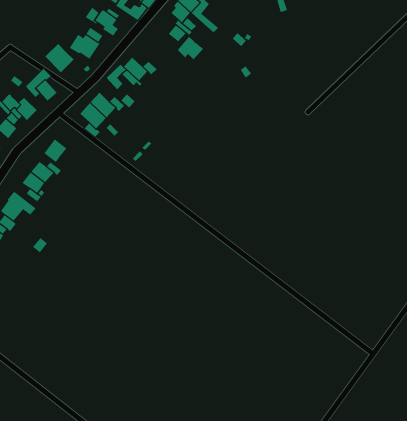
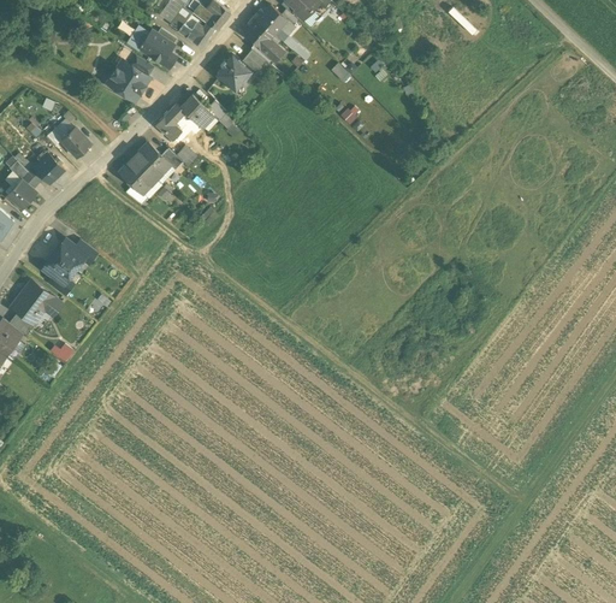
building: [177,36,204,60] -> [217,55,254,89]
building: [44,43,75,73] -> none
building: [43,138,67,163] -> none

